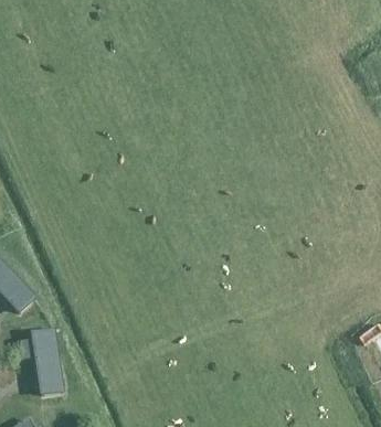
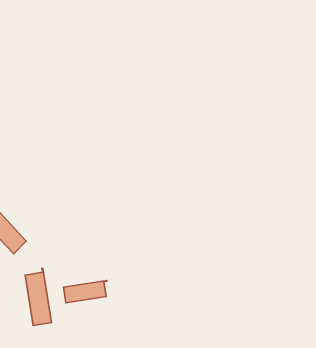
building: none -> [63,280,107,303]

